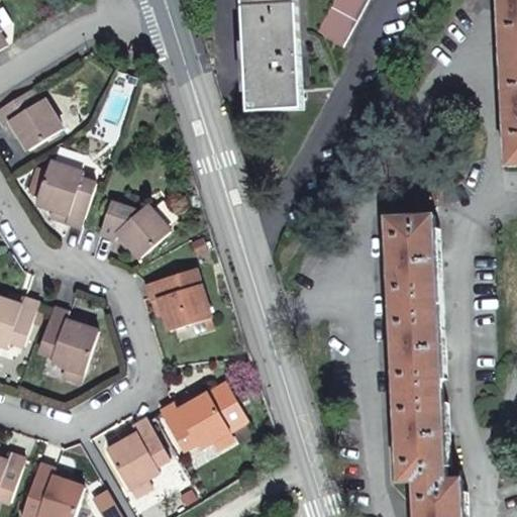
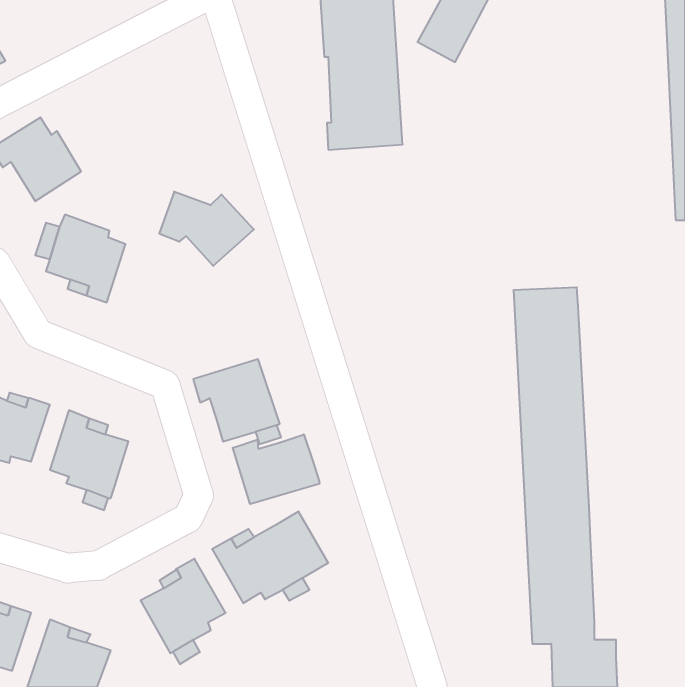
building: [98,202,169,257] -> [159,192,254,266]
building: none -> [233,434,319,504]

